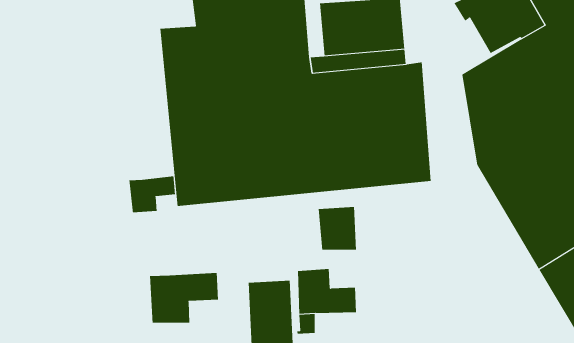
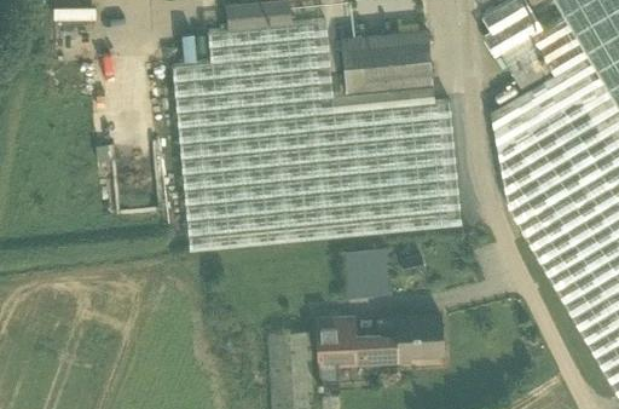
building: [129,176,175,213] -> none
building: none -> [378,315,442,362]
building: [149,272,218,324] -> none

